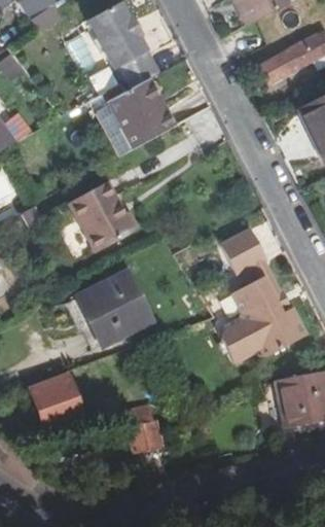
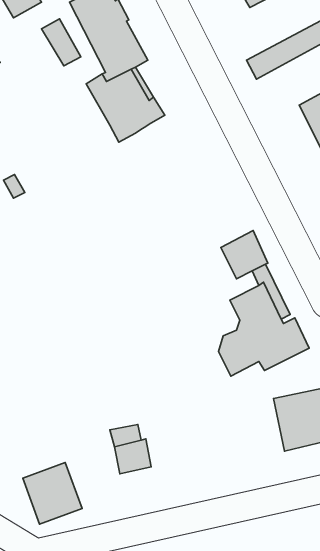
building: [69,178,138,249] -> none
building: [78,269,151,342] -> none
building: [31,375,85,431] -> [23,463,82,524]

